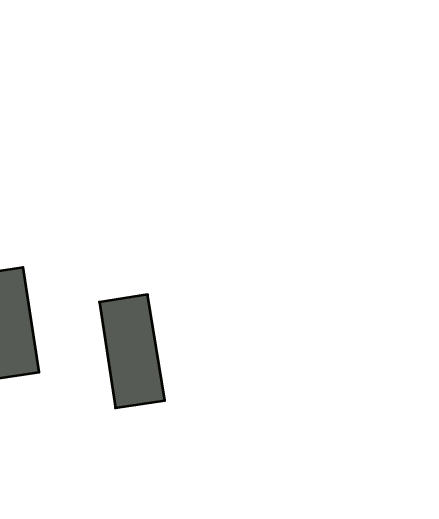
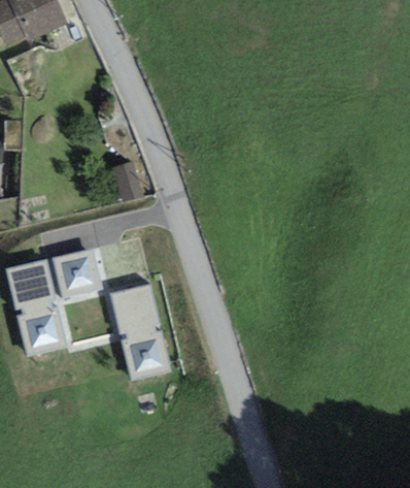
building: none -> [110,161,143,201]
building: none -> [52,248,102,295]

